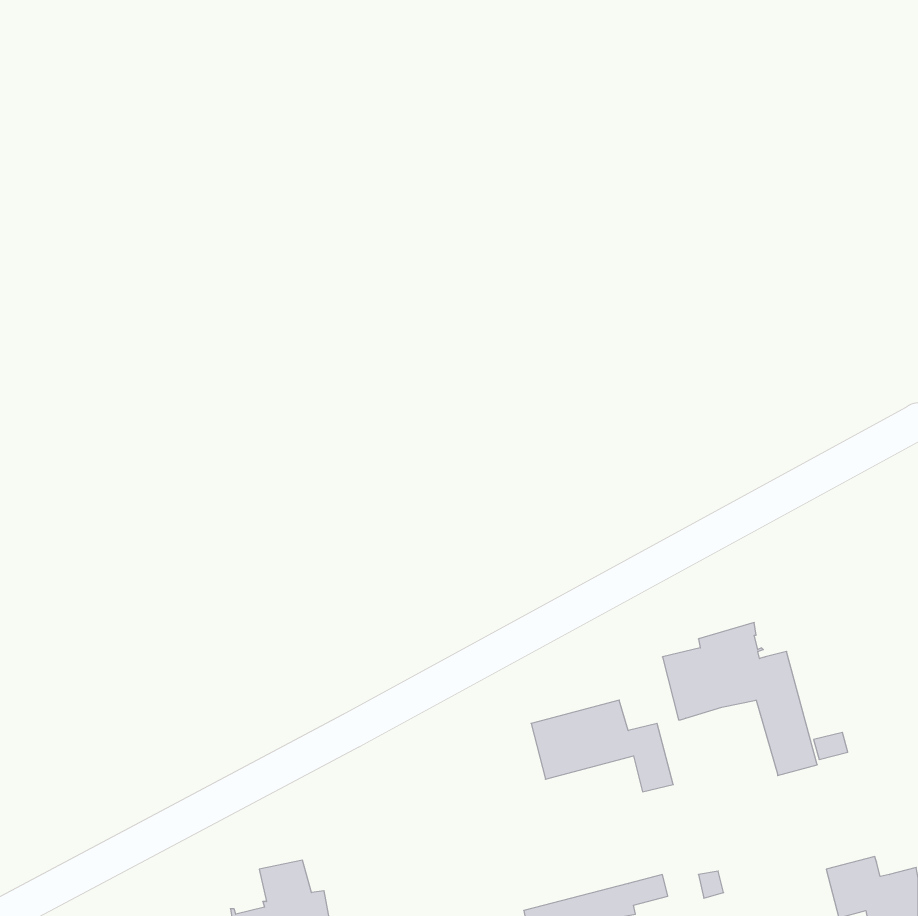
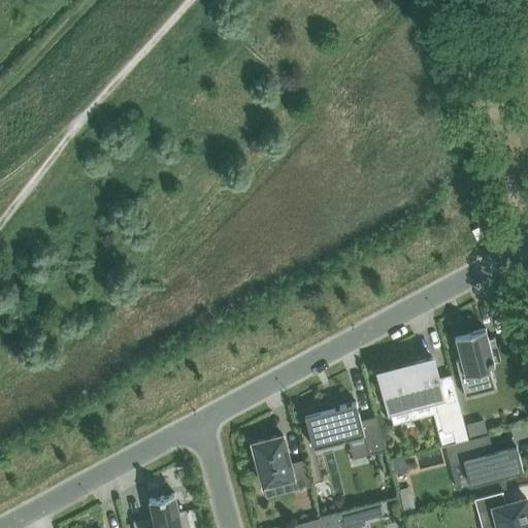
building: none -> [455,330,500,399]
building: none -> [252,436,309,491]
building: none -> [451,442,522,487]

